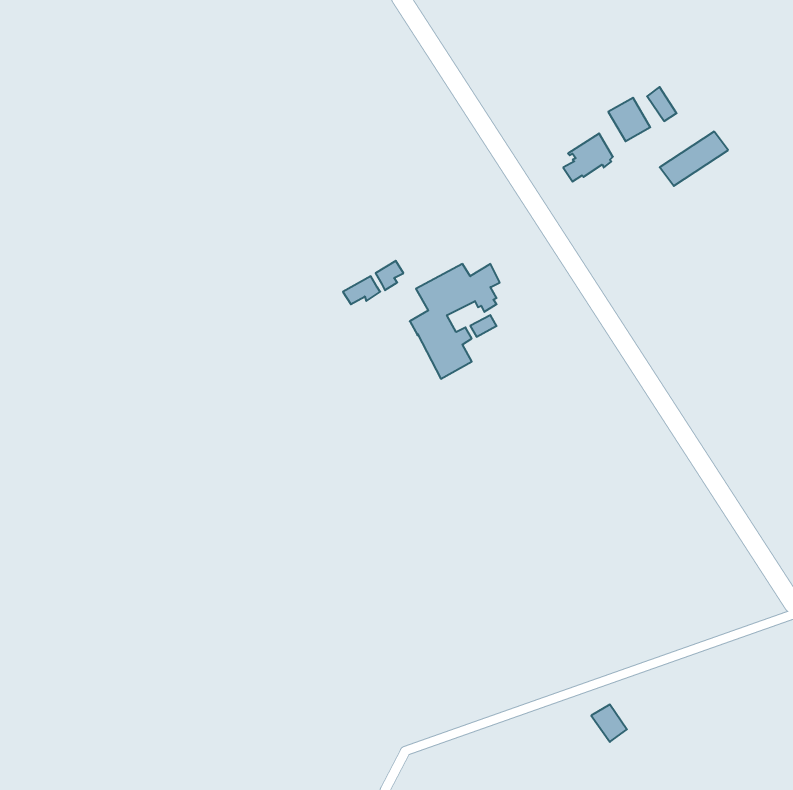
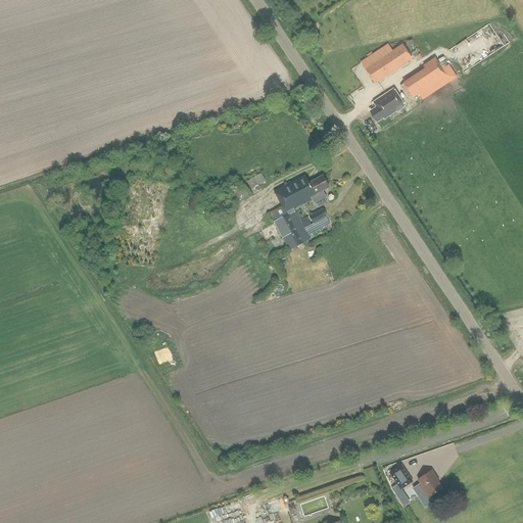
building: [660,132,728,186] -> [367,44,412,80]
building: none -> [413,470,441,506]

